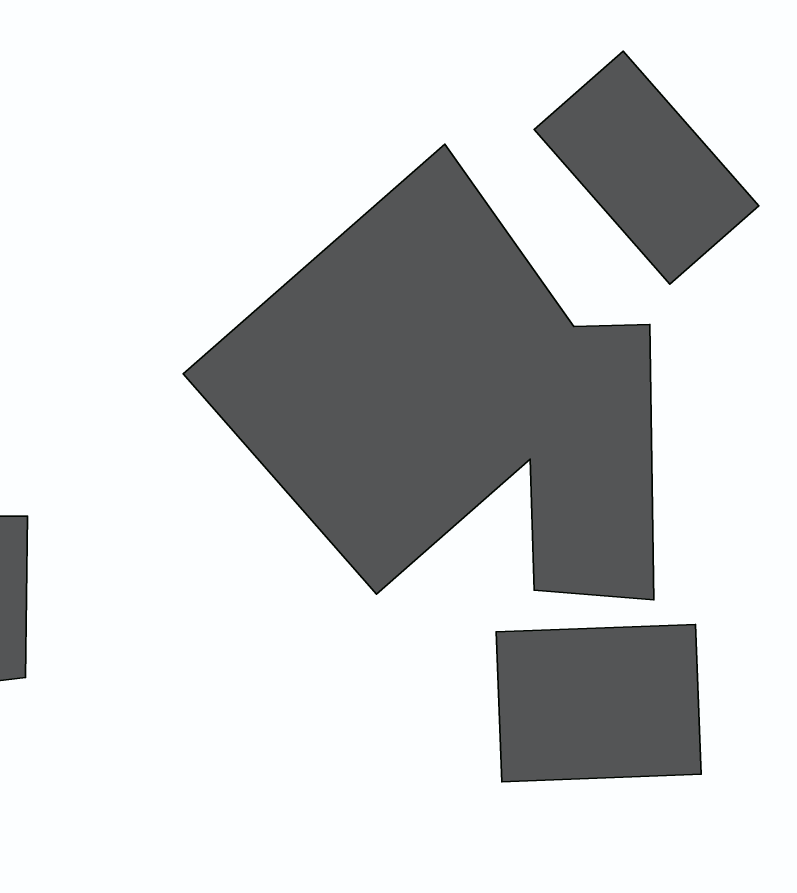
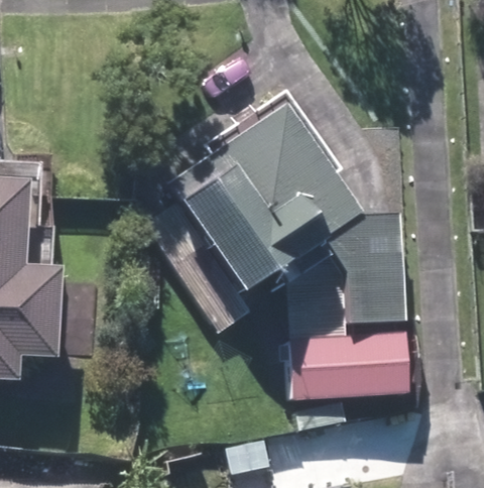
building: [534,51,759,284] -> none

